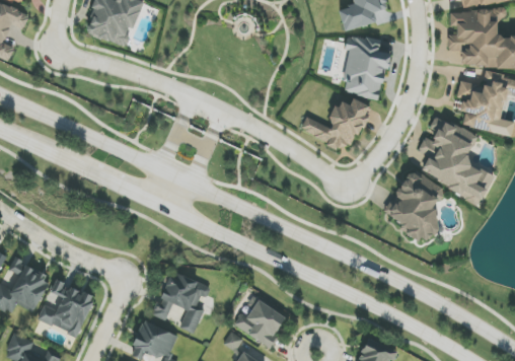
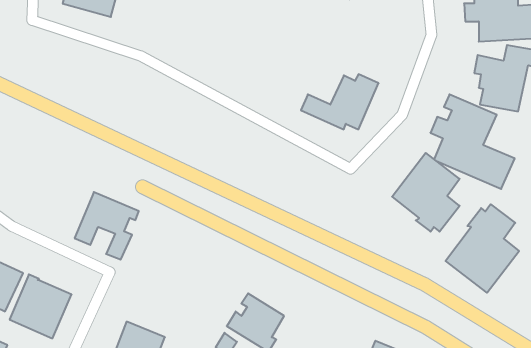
building: [343,34,388,97] -> none
building: none -> [446,204,519,293]
building: [152,272,210,333] -> [75,192,139,260]

